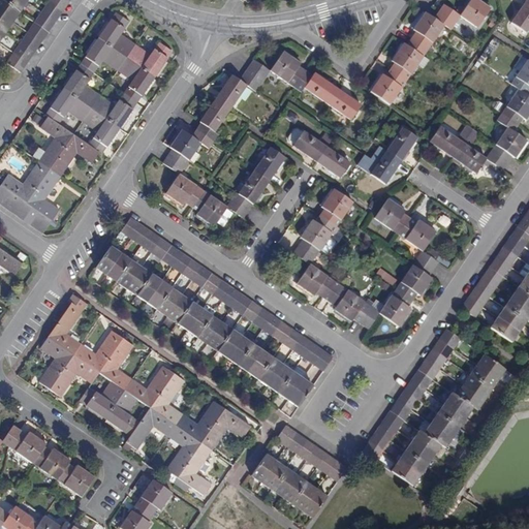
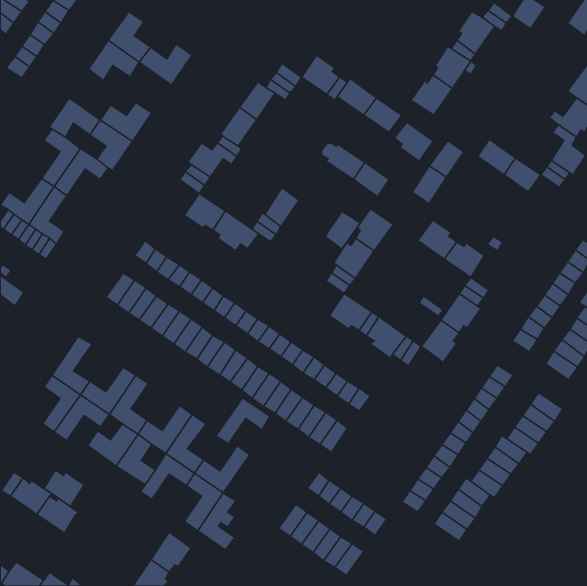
building: [118,56,155,101] -> none
building: [63,62,100,107] -> none
building: none -> [394,122,434,161]
building: [254,146,286,180] -> [325,211,360,249]
building: [201,408,250,449] -> [216,398,270,444]
building: [59,462,95,495] -> [44,470,84,507]

